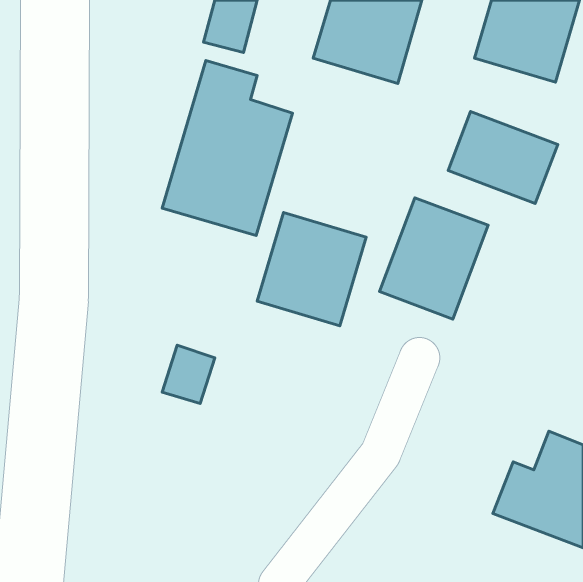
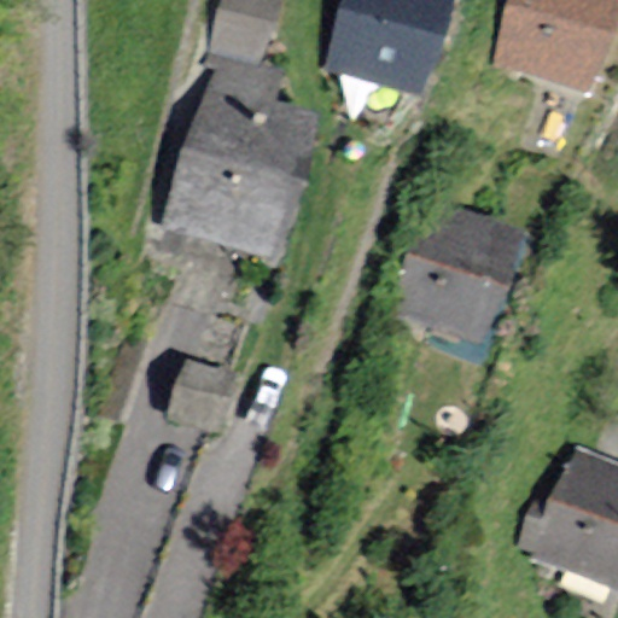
building: [448,111,558,203] -> none
building: [257,212,366,326] -> none

